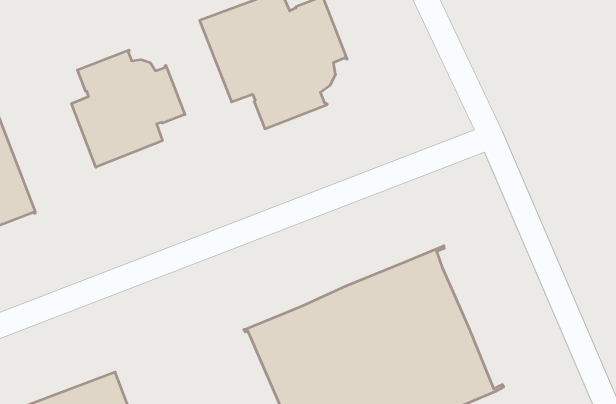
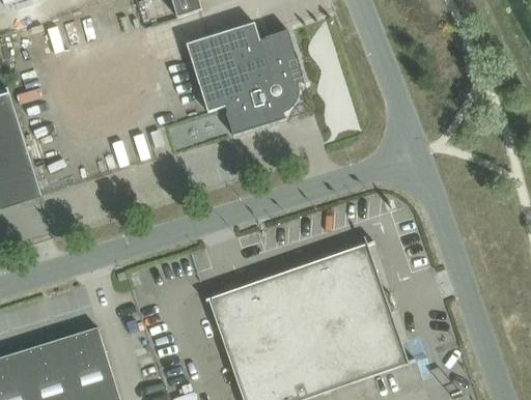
building: [72,50,185,167] -> none

